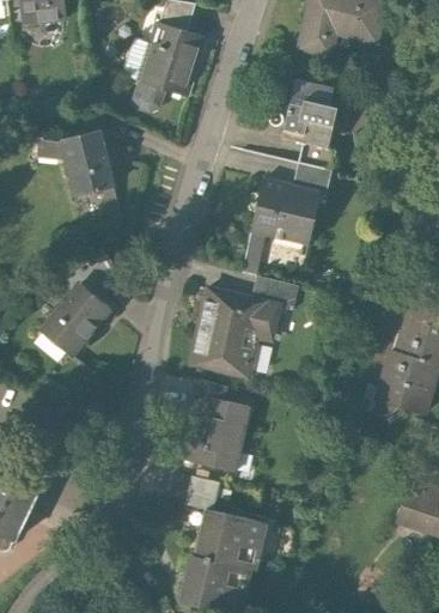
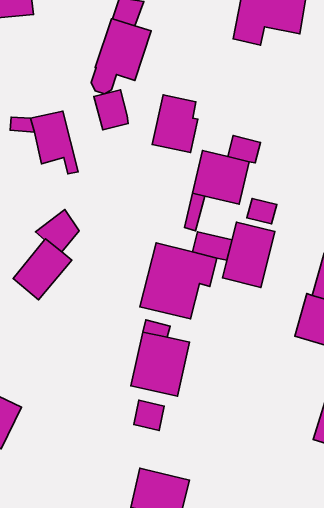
building: [282,78,336,146] -> [152,95,198,153]
building: none -> [94,90,128,130]
building: none -> [247,199,277,224]
building: none -> [223,222,275,288]
building: [194,512,263,571] -> none

